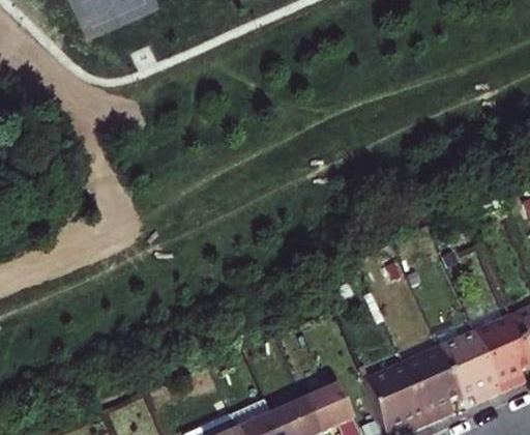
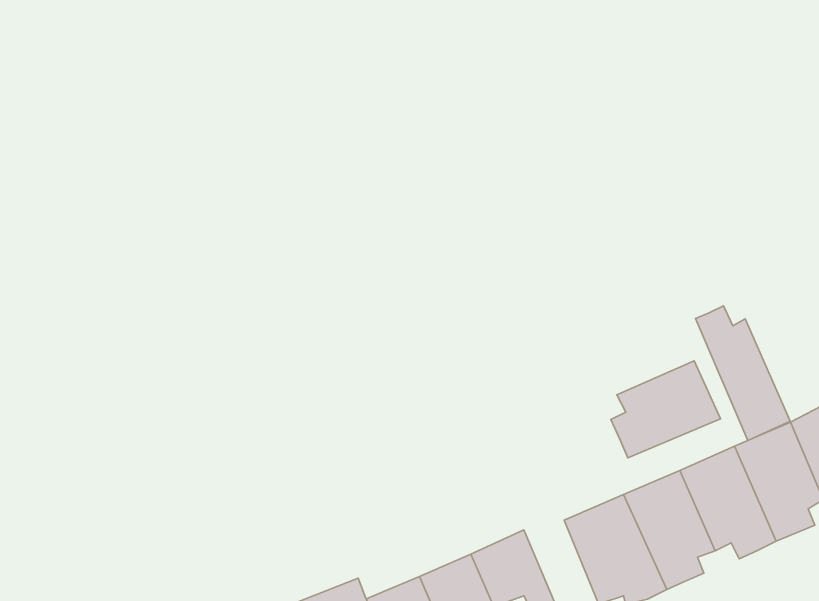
building: none -> [695,306,790,440]
building: none -> [611,361,720,458]

